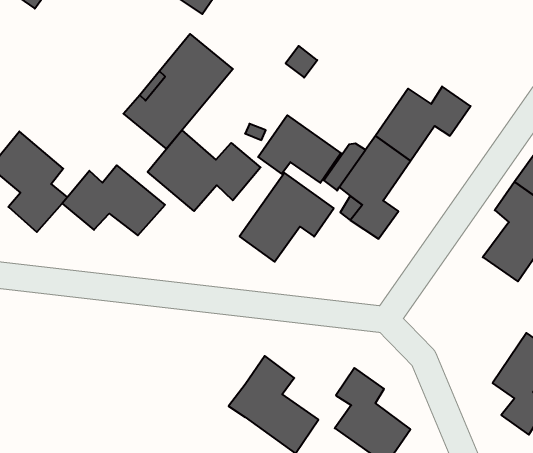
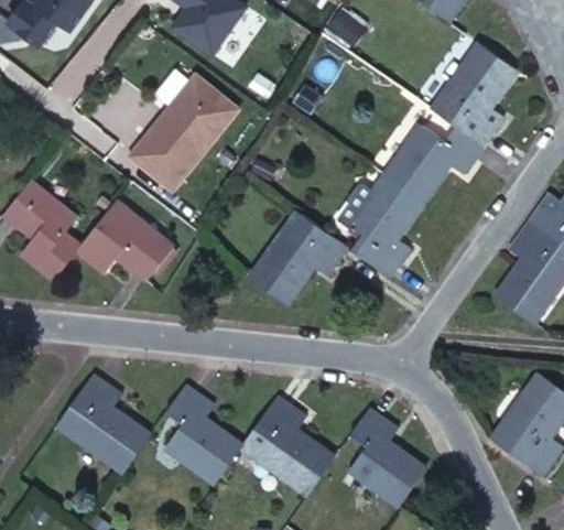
building: none -> [432,45,513,145]
building: [258,115,341,183] -> none
building: [148,130,261,211] -> none
building: none -> [72,376,149,474]
building: none -> [164,390,239,485]

